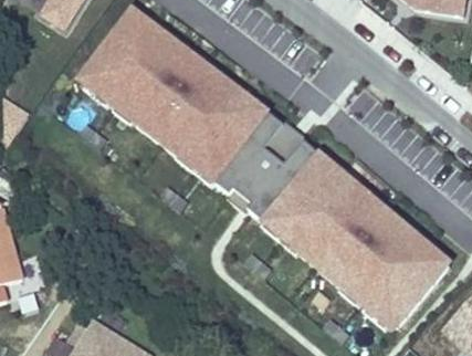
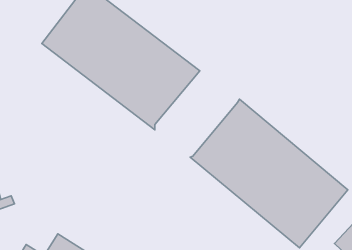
building: [217,115,321,222] -> none

